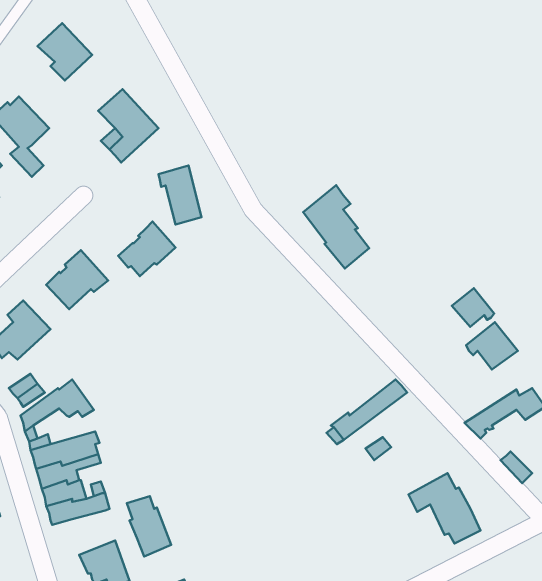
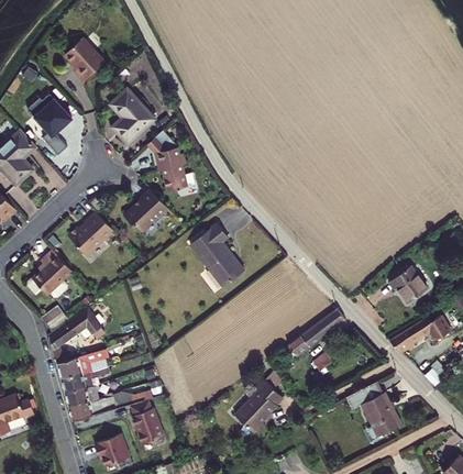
building: [303,185,369,268] -> [192,222,243,286]
building: [452,288,494,327] -> none
building: none -> [235,377,284,433]

